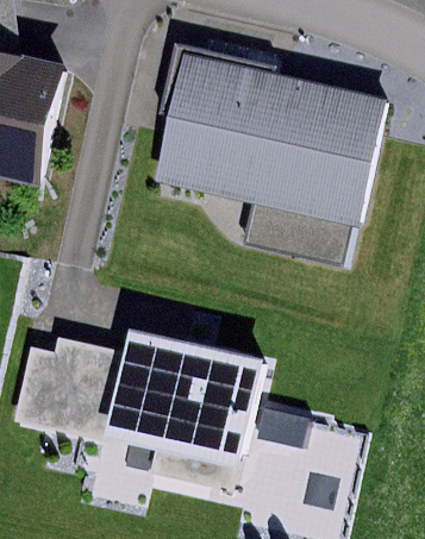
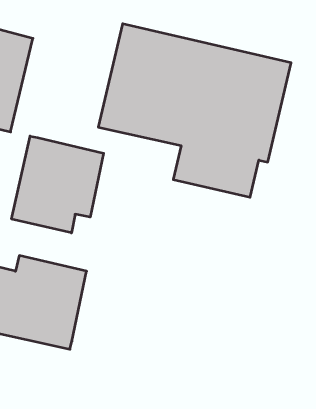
building: none -> [12,136,104,233]
building: [119,333,269,465] -> none

